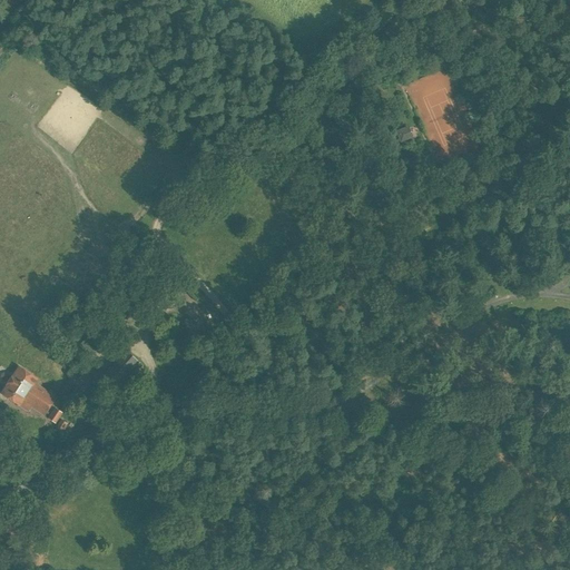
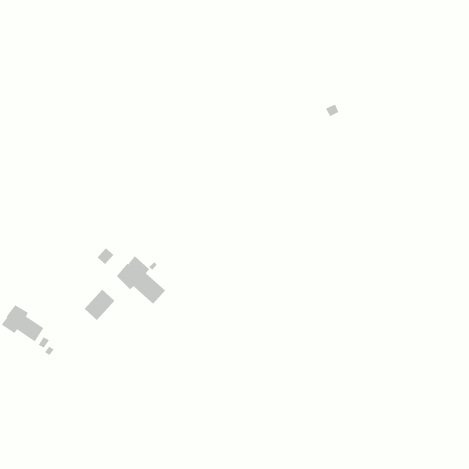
building: none -> [116,256,166,304]

